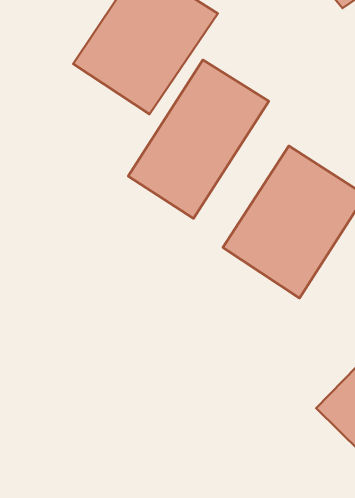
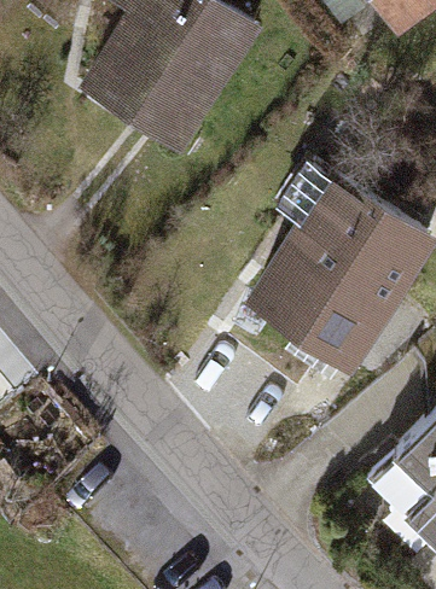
building: [128,60,269,218] -> none

